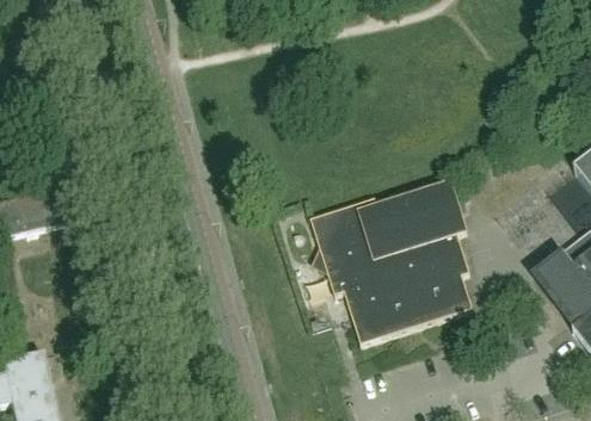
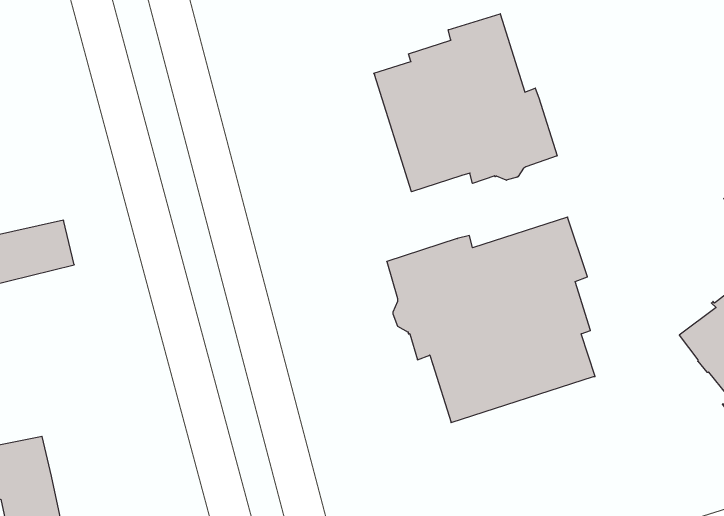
building: none -> [374,14,557,192]

